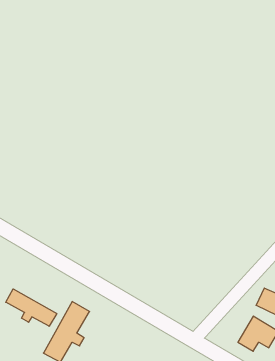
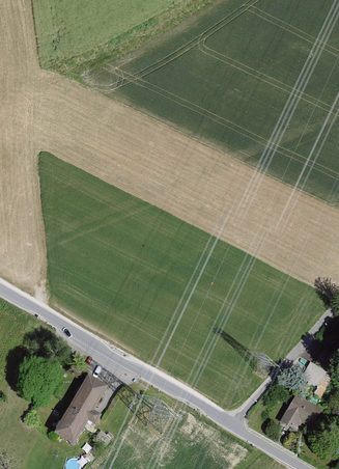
building: [6,289,57,326] -> none

